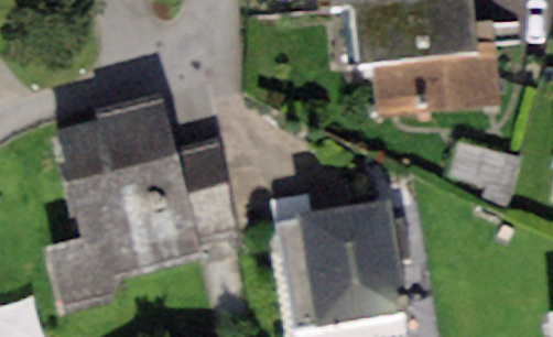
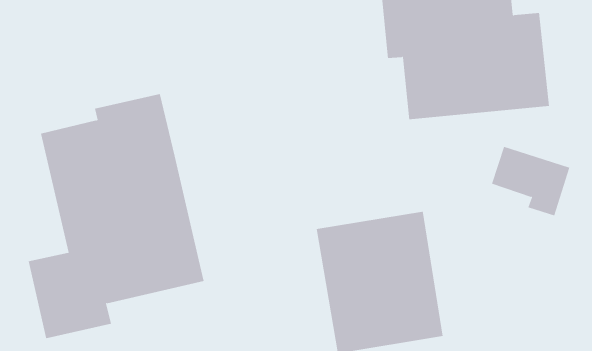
building: [172,141,239,242] -> none

